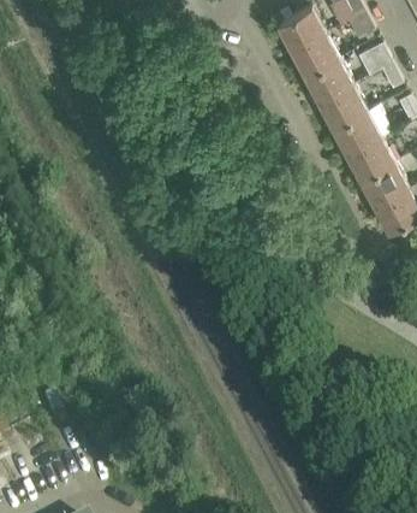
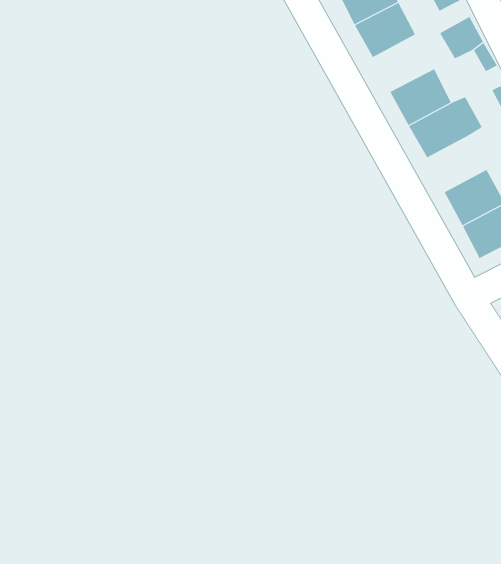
building: [304,57,352,101] -> none
building: [346,135,393,179] -> none

